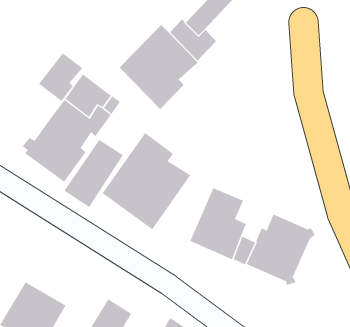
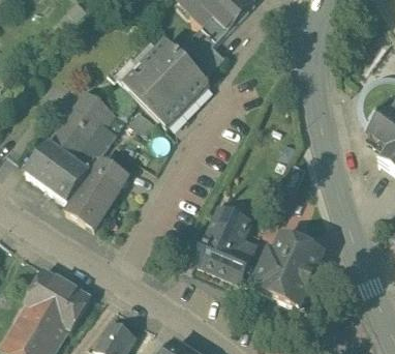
building: [38,52,83,102] -> none
building: [102,132,191,230] -> none
building: none -> [26,268,92,329]

